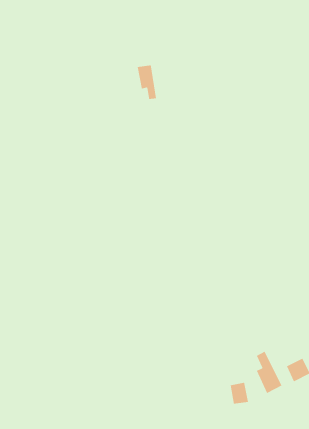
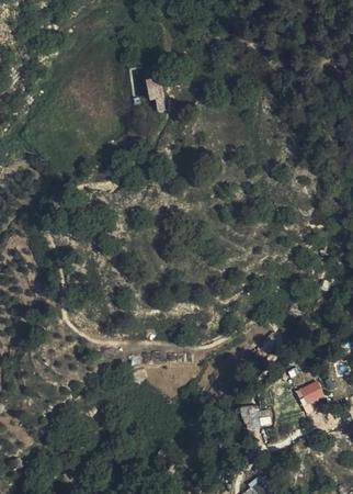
building: [256,351,282,394] -> none

